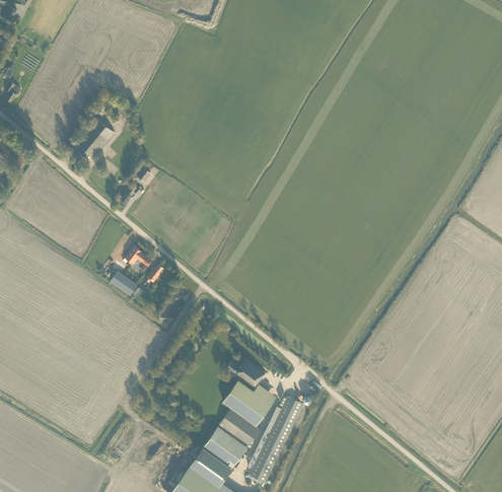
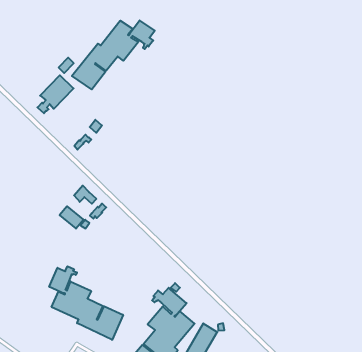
building: none -> [72,20,155,89]
building: none -> [49,266,123,340]

